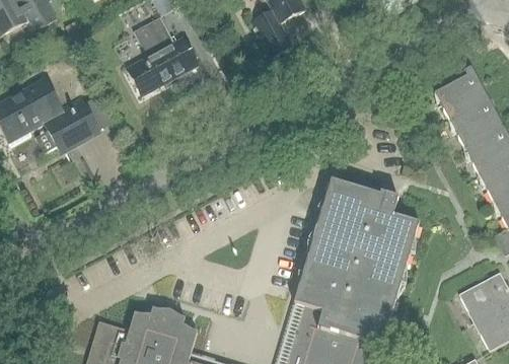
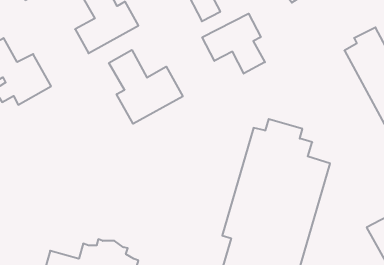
building: none -> [202,14,265,74]
building: none -> [109,50,183,124]

